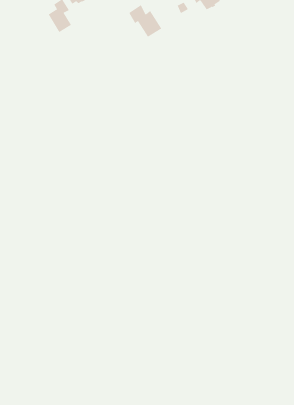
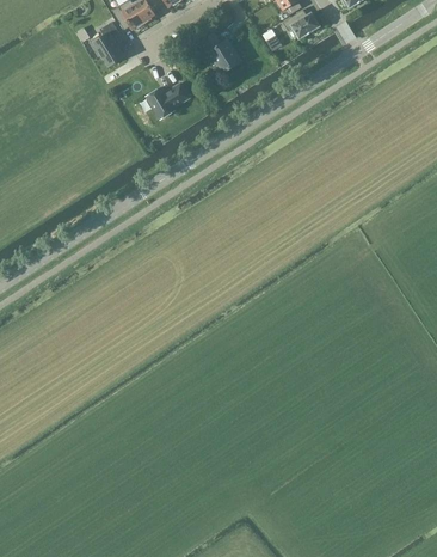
building: none -> [147,81,190,117]

